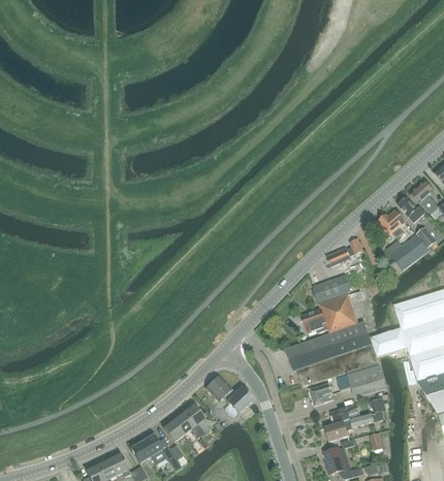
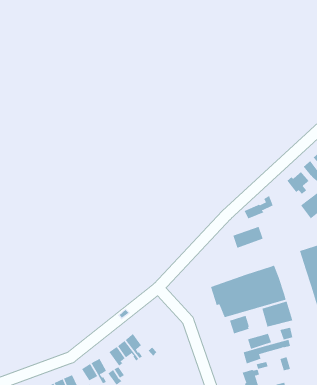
building: [302,289,362,332] -> none
building: [370,327,407,356] -> none
building: [205,375,254,412] -> none

